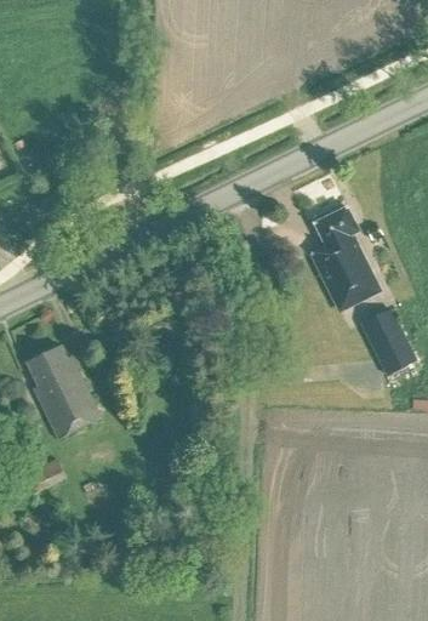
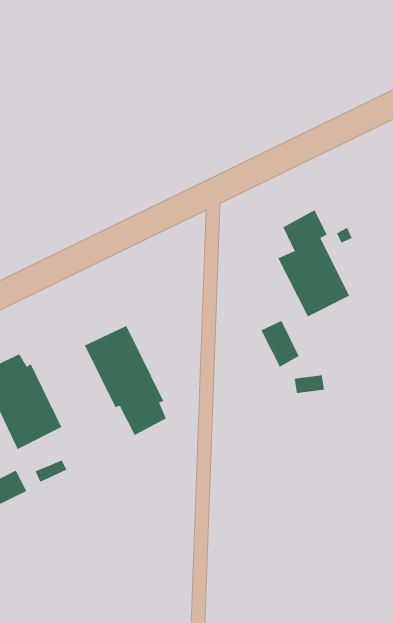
building: [370,308,407,354] -> [261,320,299,368]
building: none -> [84,325,167,436]

